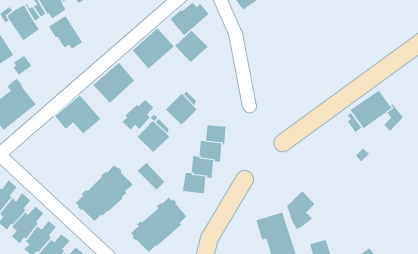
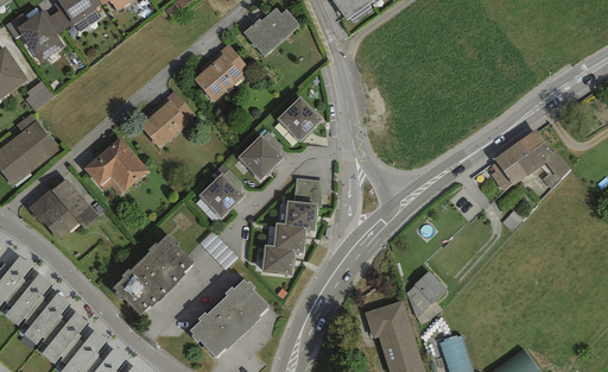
building: [48,15,83,50] -> none
building: [174,30,209,63] -> [277,95,324,141]
building: [122,99,154,130] -> none
building: none -> [27,177,100,239]

